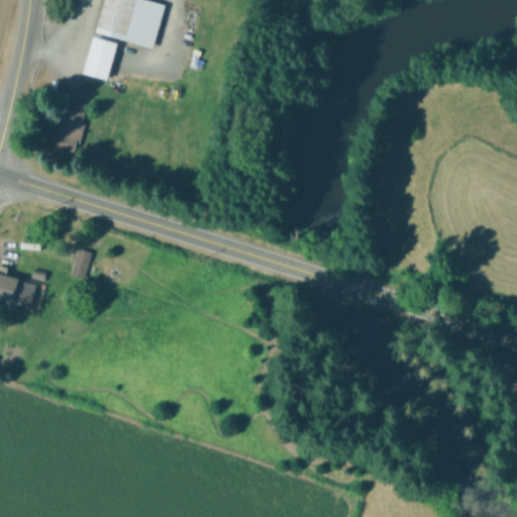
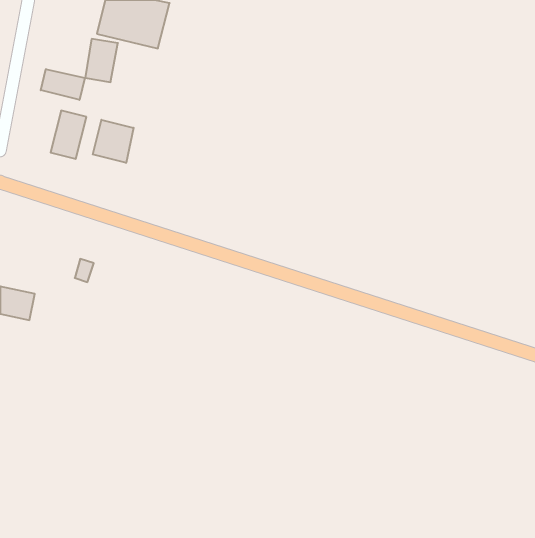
building: none -> [41,69,85,100]
building: none -> [93,120,134,163]

